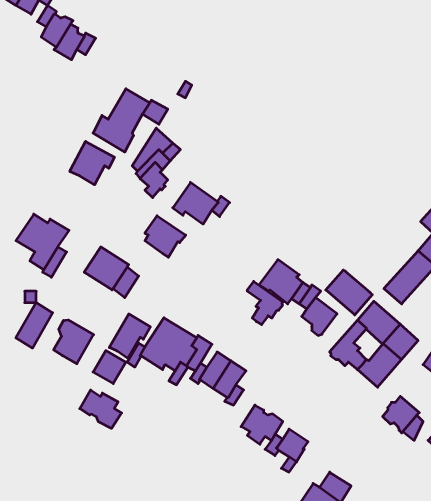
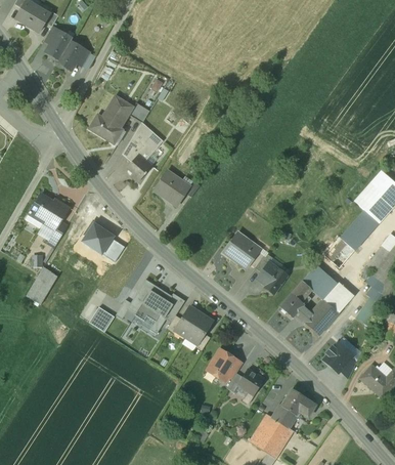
building: [70,141,114,185] -> none
building: [145,216,186,257] -> none
building: [326,270,372,315] -> none
building: [247,281,283,325] -> none
building: [109,314,150,358] -> none
building: [54,320,94,364] -> none
building: [80,390,122,428] -> none
building: none -> [281,389,316,417]

